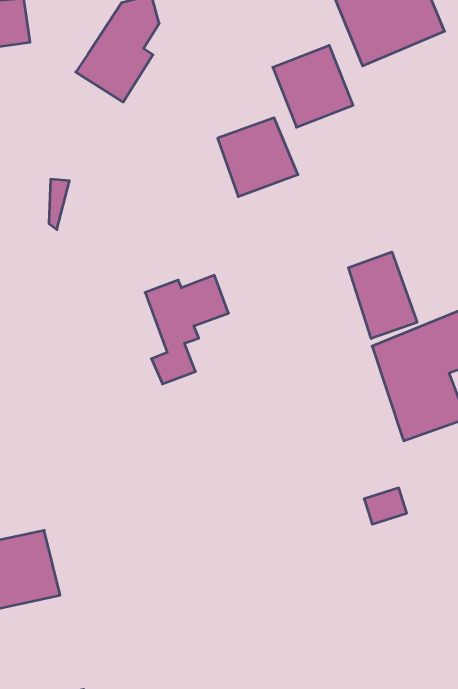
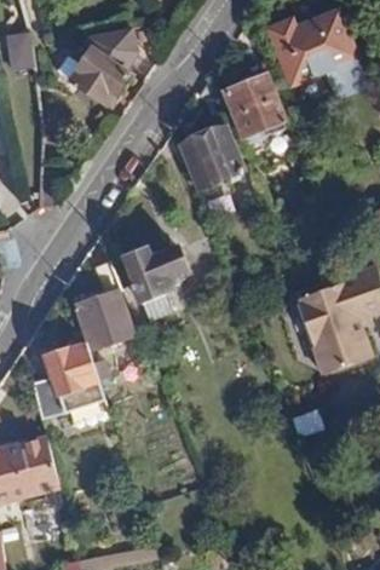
building: [348,252,417,339] -> none
building: none -> [79,263,133,347]
building: none -> [31,345,105,421]

